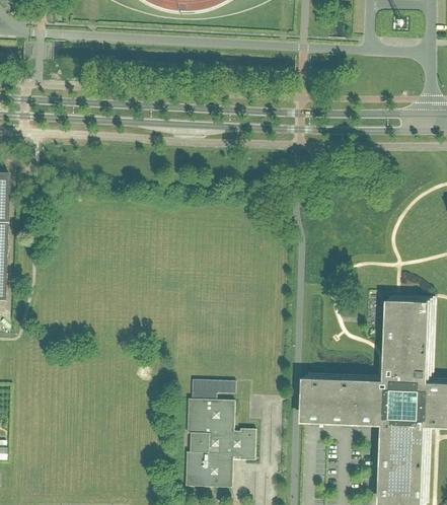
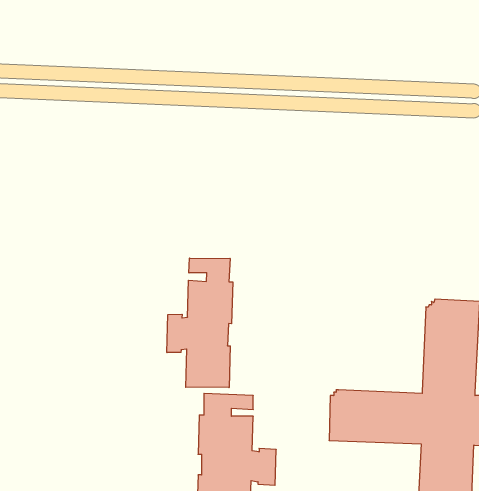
building: none -> [167,258,233,388]

